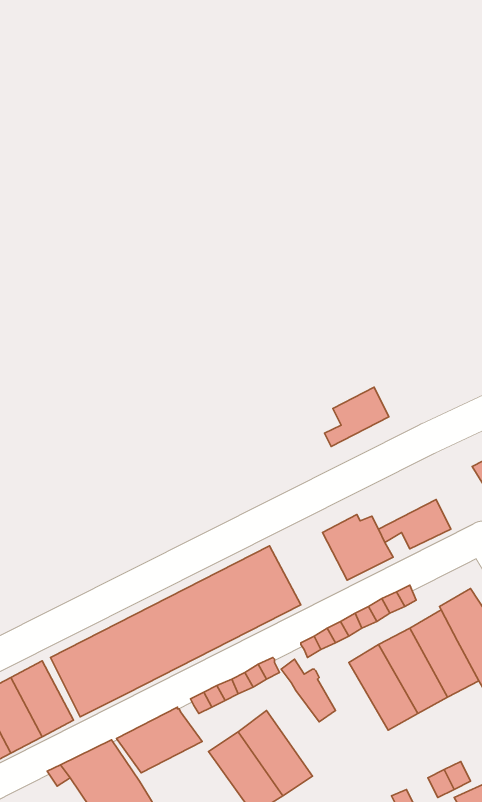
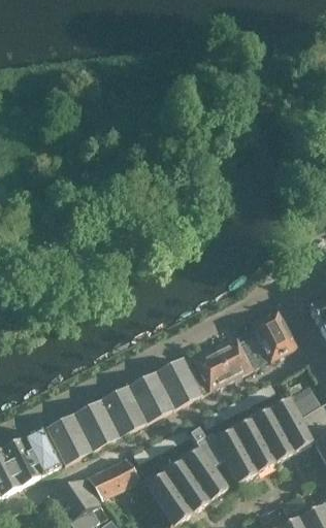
building: [325,387,389,446] -> [247,309,287,346]
building: none -> [189,349,231,394]
building: none -> [213,430,257,484]
building: none -> [181,448,227,501]

